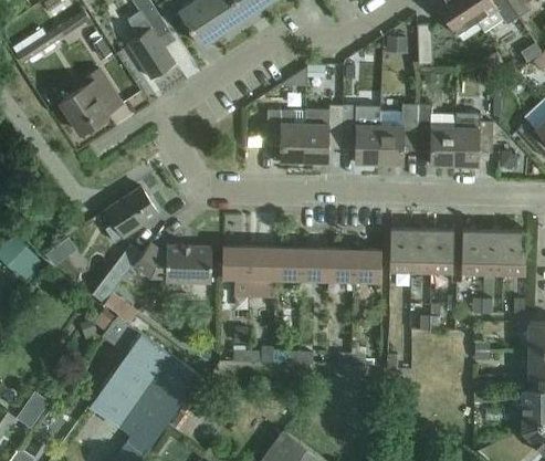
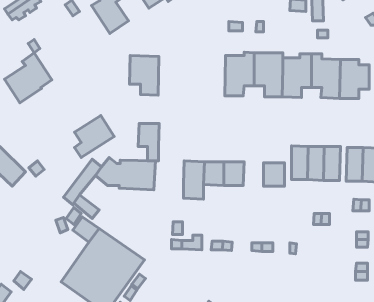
building: [62,70,124,135] -> [4,53,52,103]
building: [265,111,304,163] -> [129,56,159,95]
building: [222,248,250,296] -> [138,124,159,161]
building: [327,249,354,281] -> none

